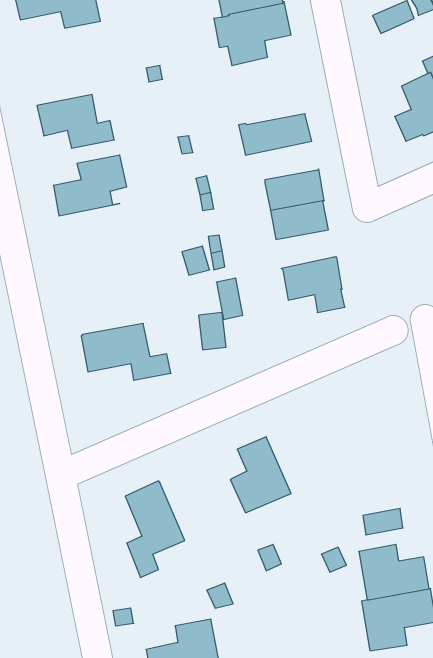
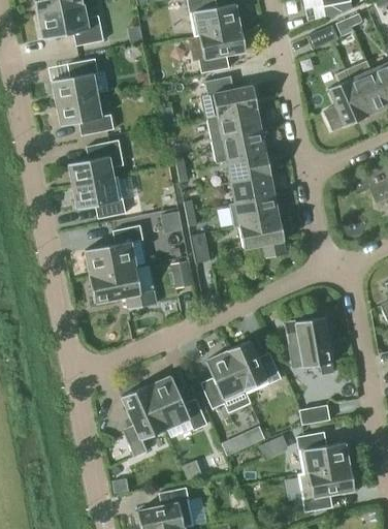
building: none -> [52,59,98,103]
building: none -> [200,76,258,118]
building: none -> [212,130,265,163]
building: none -> [72,177,125,218]
building: none -> [229,196,278,227]
building: none -> [85,225,142,275]
building: none -> [284,316,333,375]
building: none -> [226,340,281,394]
building: none -> [148,375,206,430]

